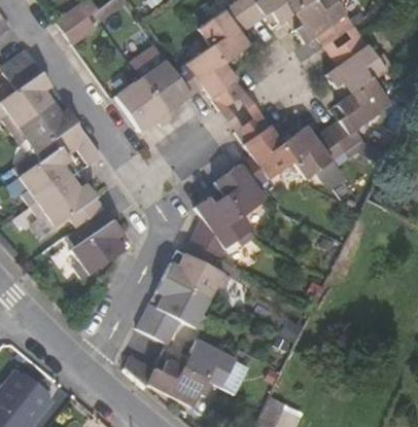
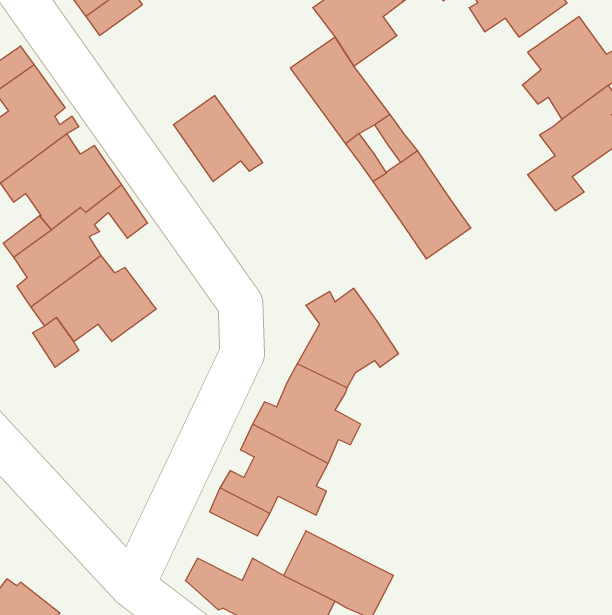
building: [129,45,203,120] -> none
building: [282,124,345,176] -> none
building: [215,155,268,216] -> none
building: [72,208,127,279] -> none

